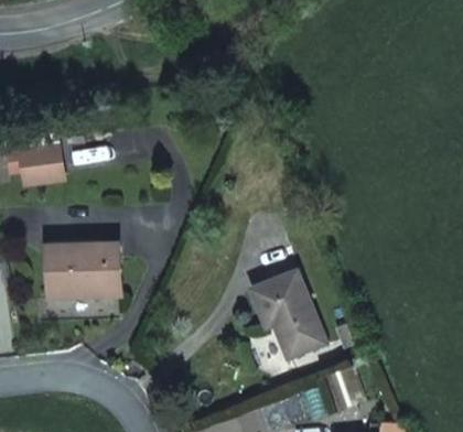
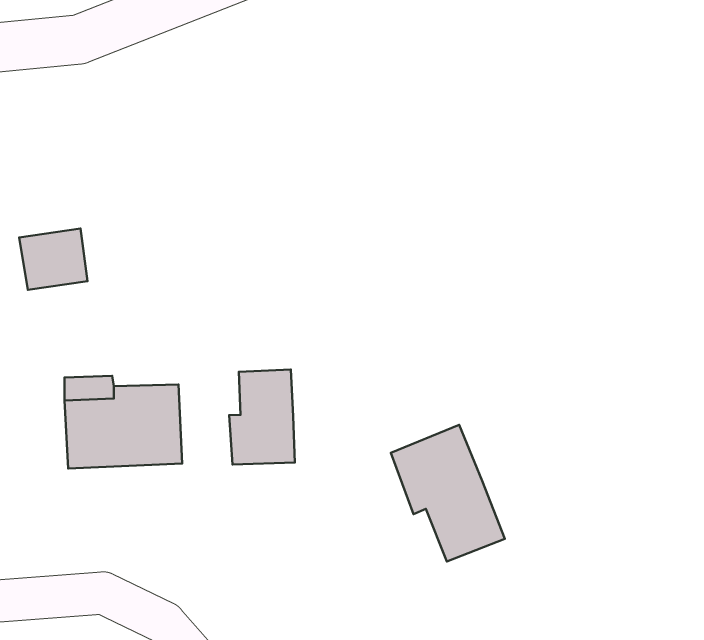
building: none -> [229,369,295,465]

